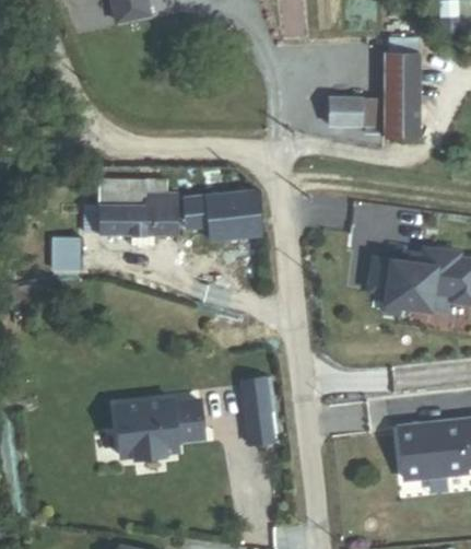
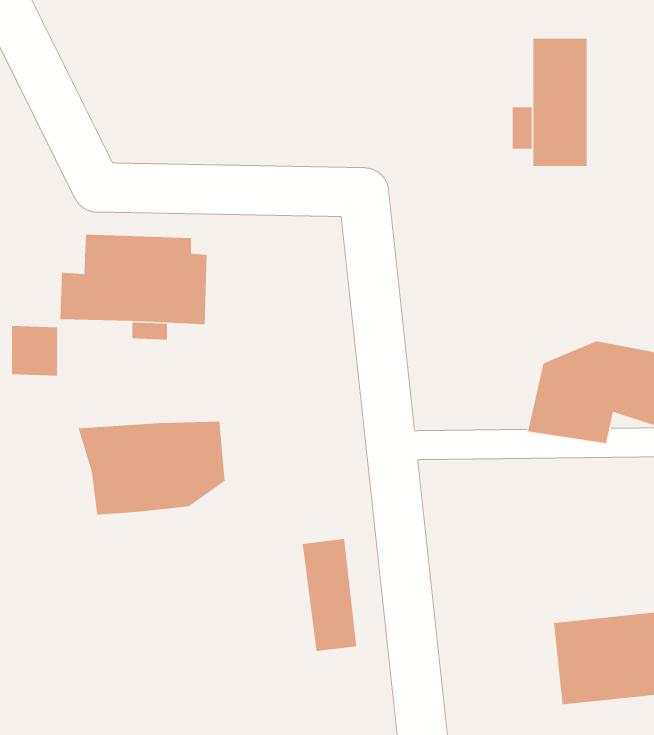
building: [329,97,366,126] -> none
building: [184,188,262,242] -> none
building: [108,399,202,459] -> [78,421,225,515]

